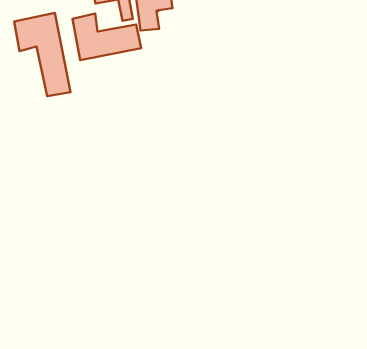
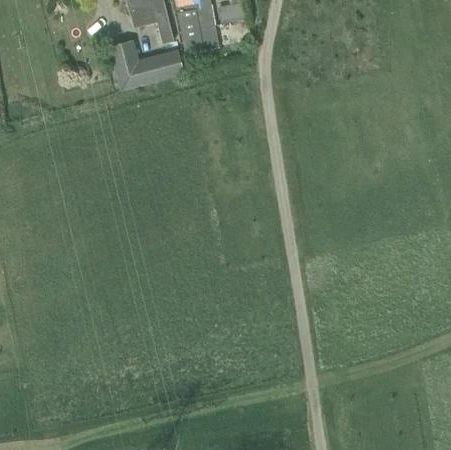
building: [14,13,70,96] -> none

